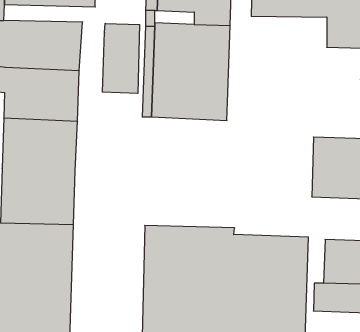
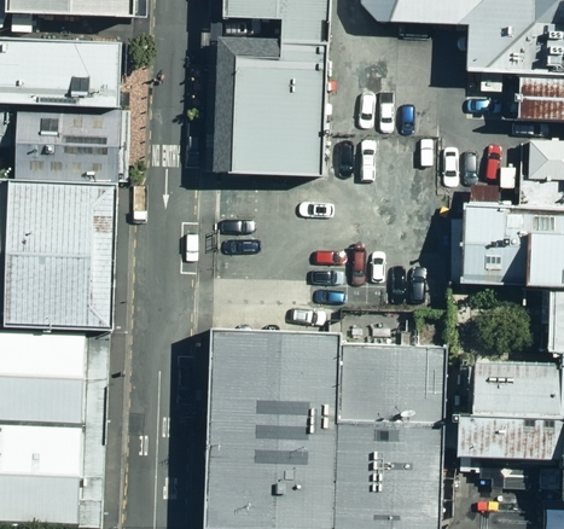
building: [102,23,140,93] -> none

